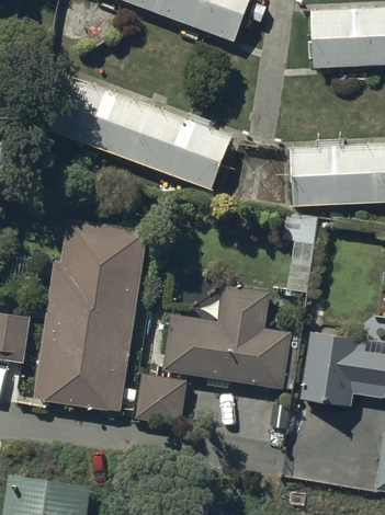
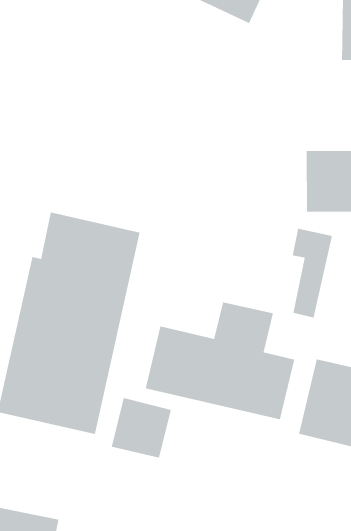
building: [52,77,228,188] -> none

